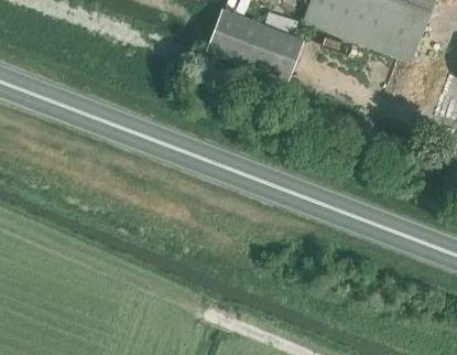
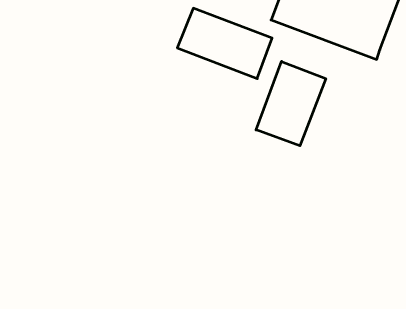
building: none -> [256,61,326,146]

